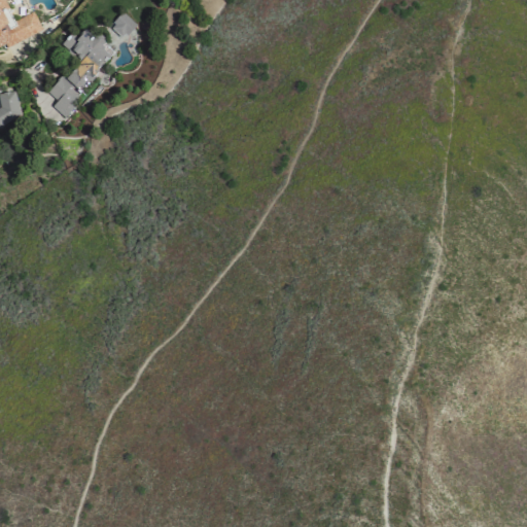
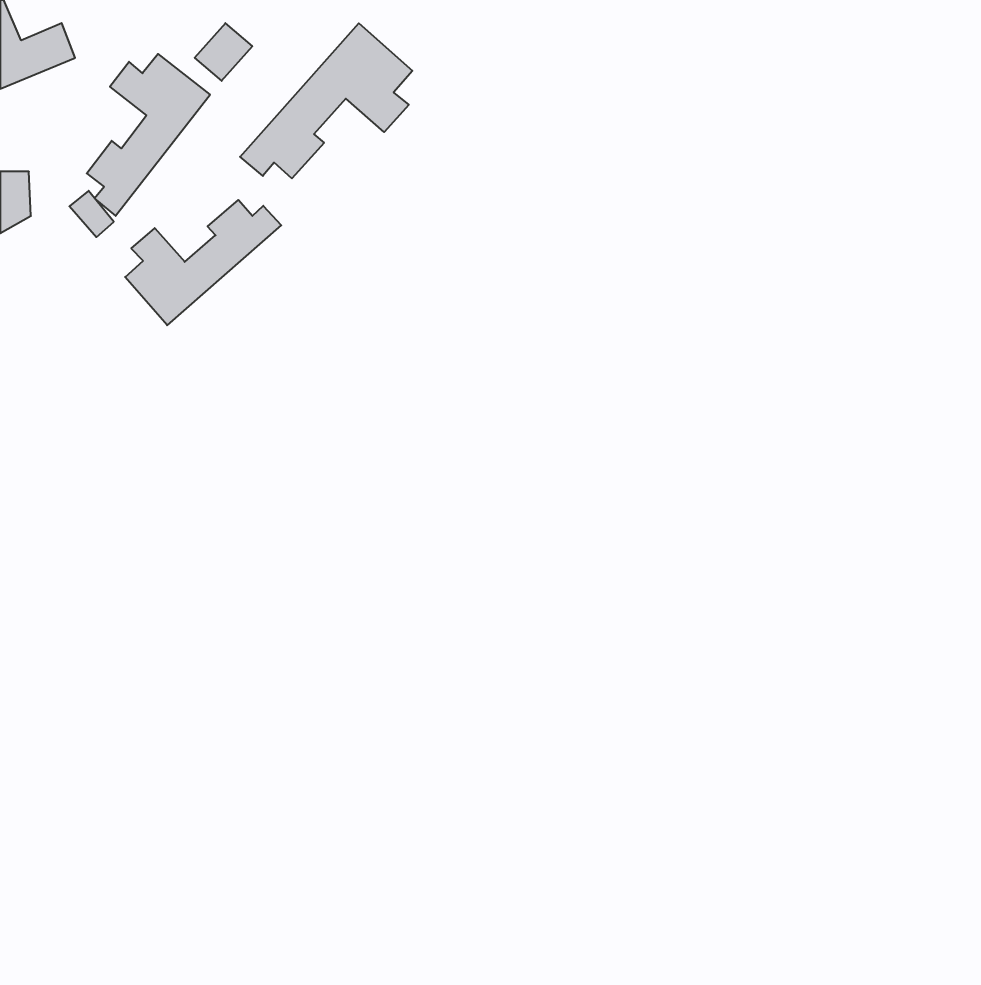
building: none -> [240,23,412,178]
building: none -> [125,200,281,325]

